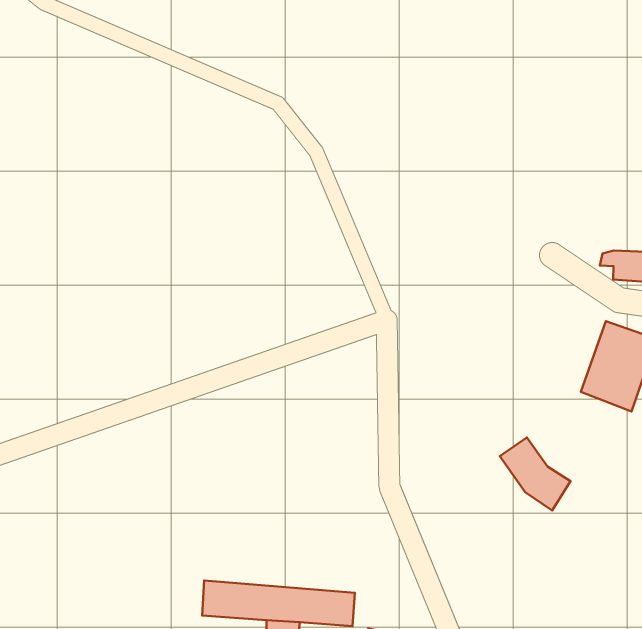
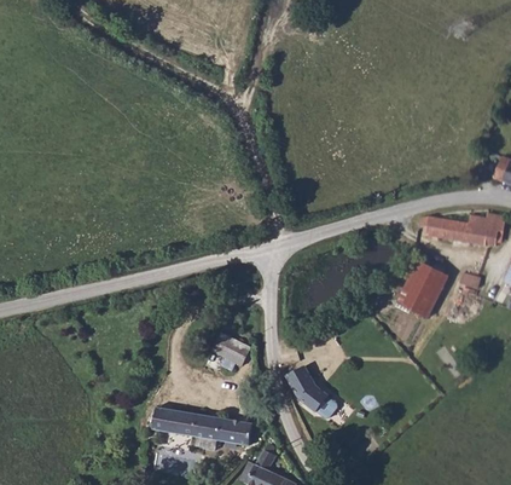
building: [500,438,570,510] -> [286,368,329,415]
building: none -> [211,335,251,373]

